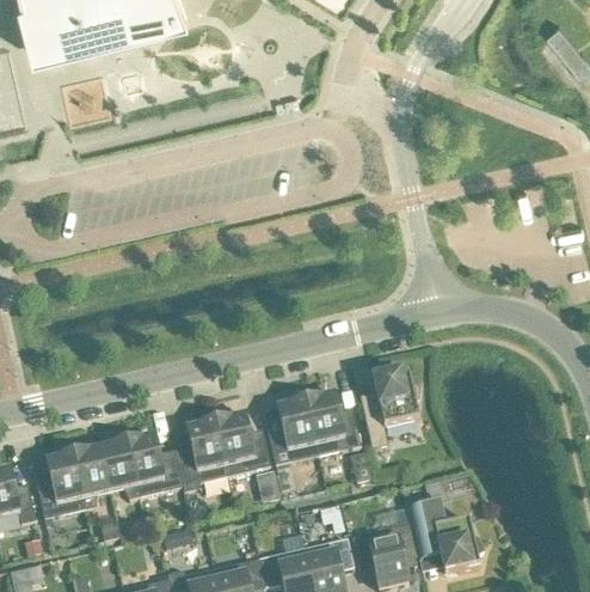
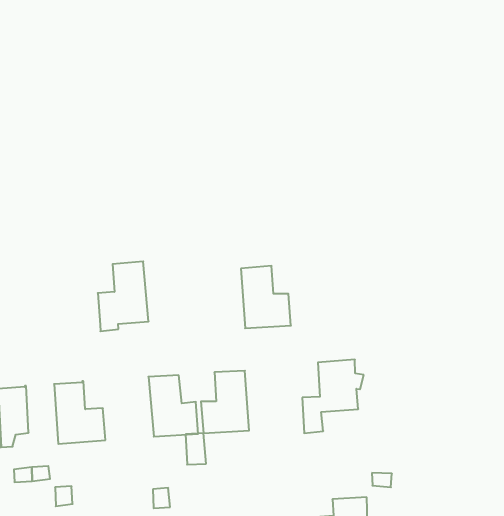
building: [305,392,361,456] -> [241,266,291,328]
building: [176,420,228,493] -> [98,261,149,331]
building: [99,441,139,500] -> none

